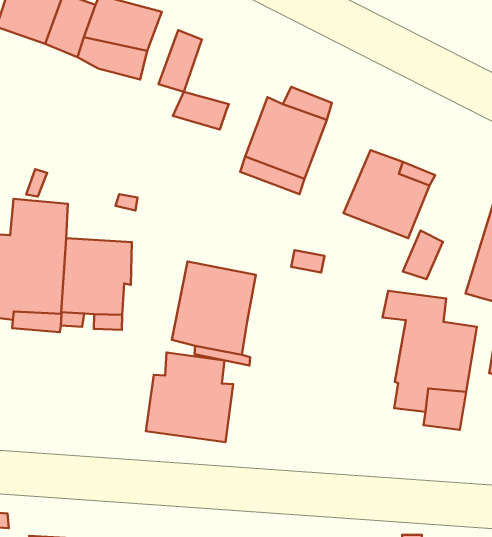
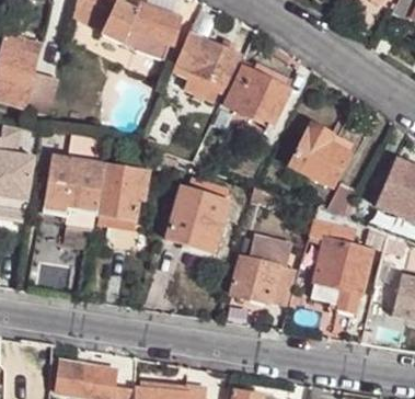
building: none -> [191,39,239,86]
building: [146,353,233,442] -> [230,243,291,307]

